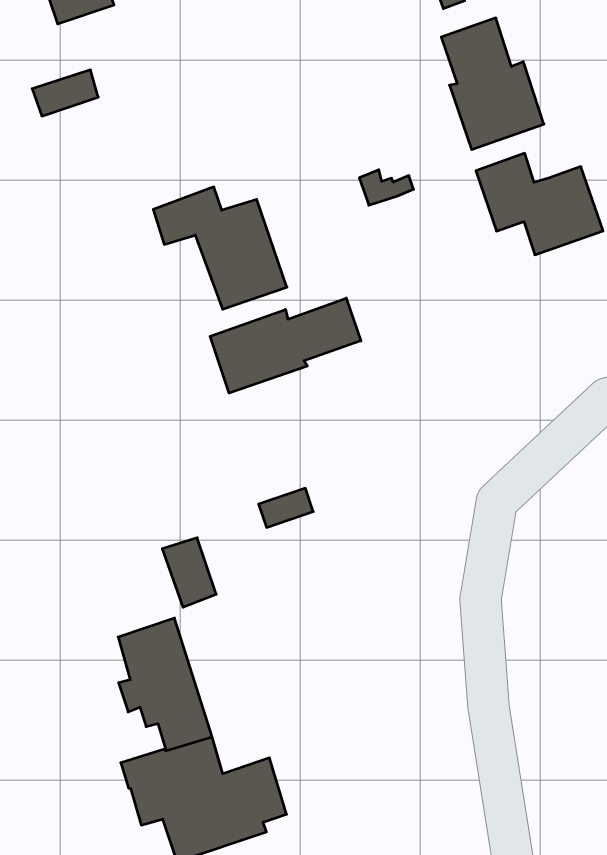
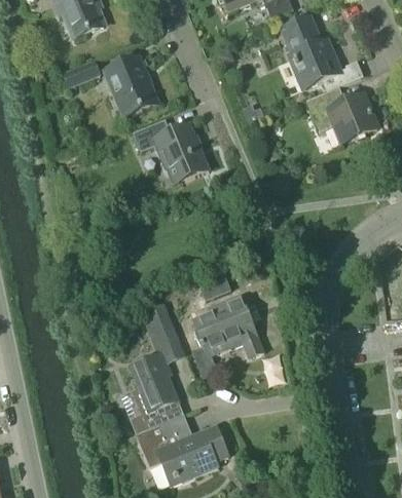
building: none -> [104,55,157,116]
building: [210,298,361,393] -> none
building: none -> [192,294,263,377]

